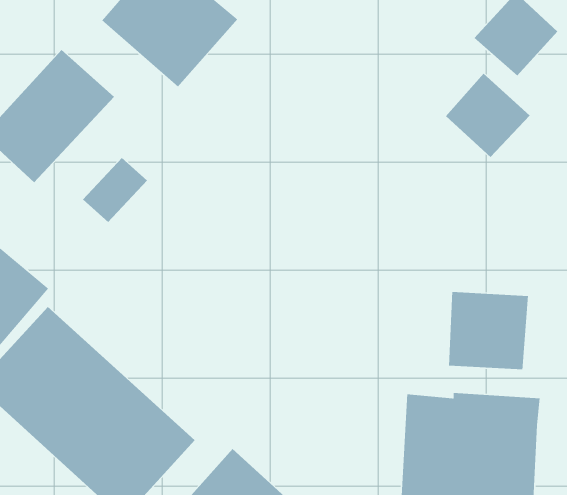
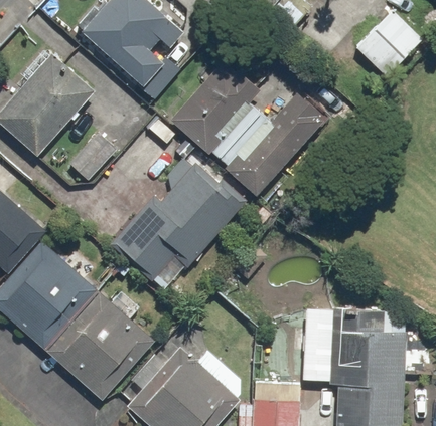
building: none -> [175,43,323,195]
building: [445,73,530,158] -> none
building: none -> [120,162,244,288]
building: [448,291,529,370] -> none

